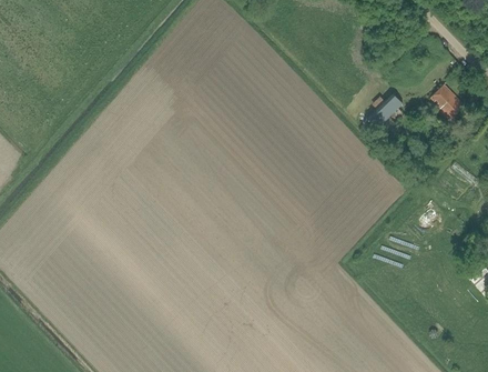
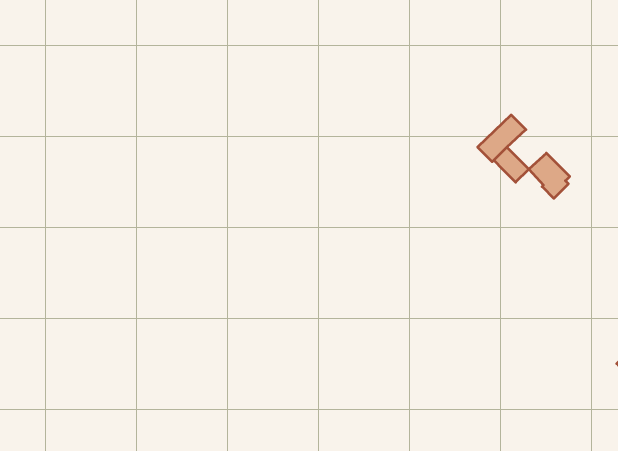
building: [431,84,462,119] -> [529,153,570,198]

